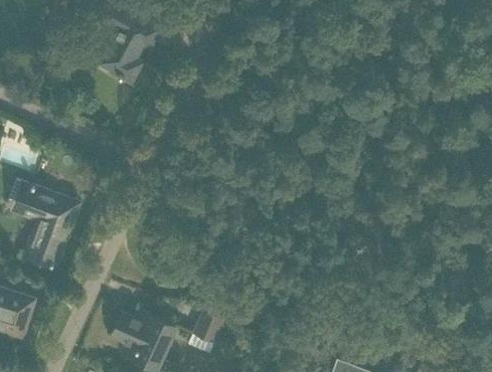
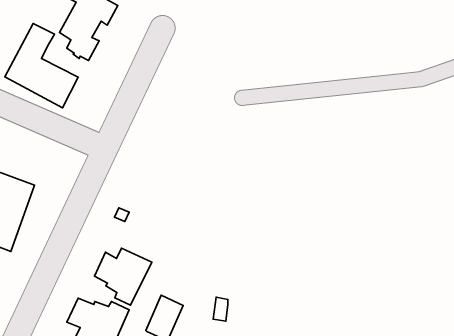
building: none -> [5,24,78,108]
building: none -> [95,248,152,305]

